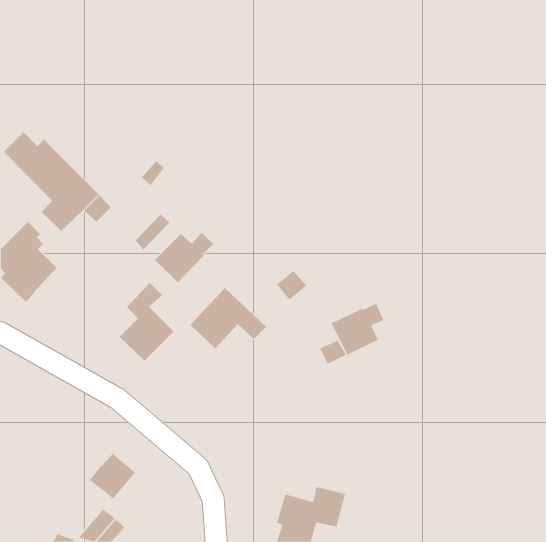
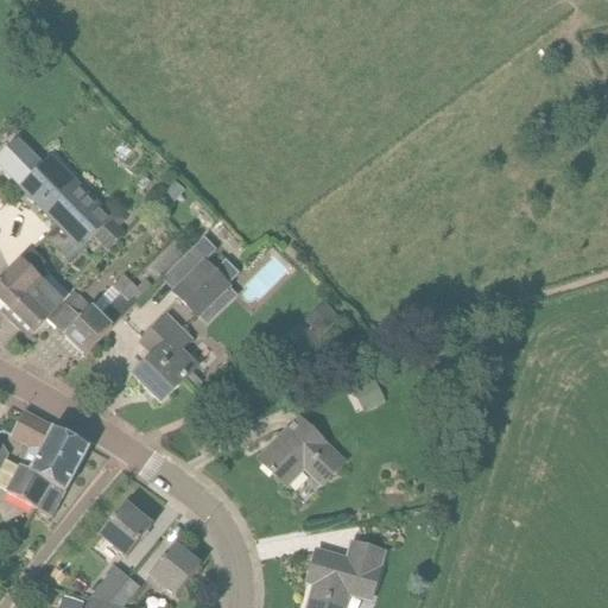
building: none -> [39,272,154,354]
building: [190,287,267,349] -> [259,416,344,484]
building: [331,303,384,356] -> none
building: none -> [7,411,90,515]
building: none -> [150,543,201,594]

